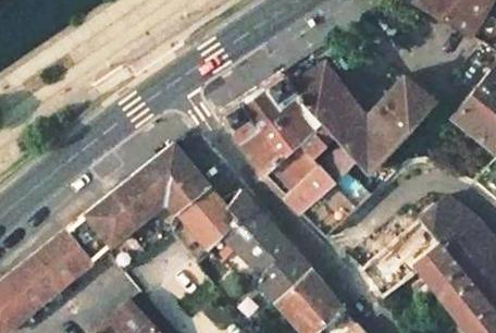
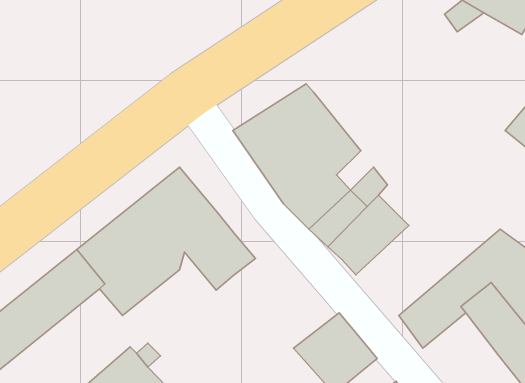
building: [289,59,434,173] -> none
building: [221,190,311,301] -> none

